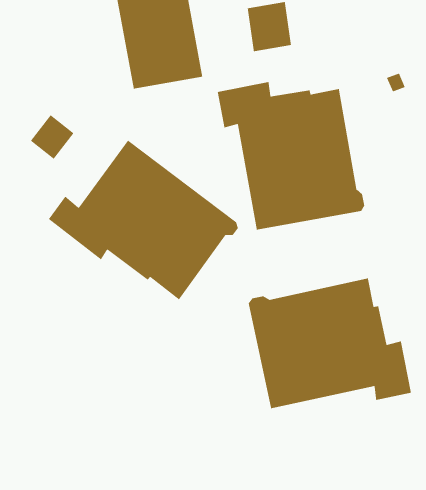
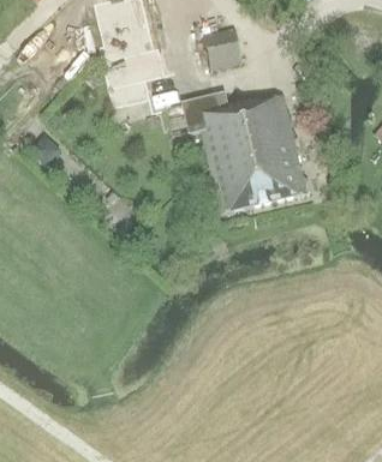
building: [48,140,239,300] -> none
building: [248,278,412,409] -> none

